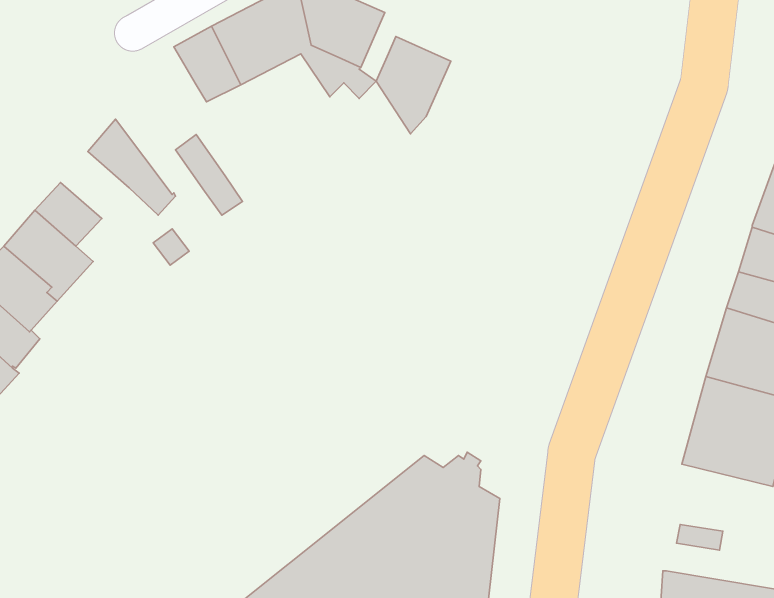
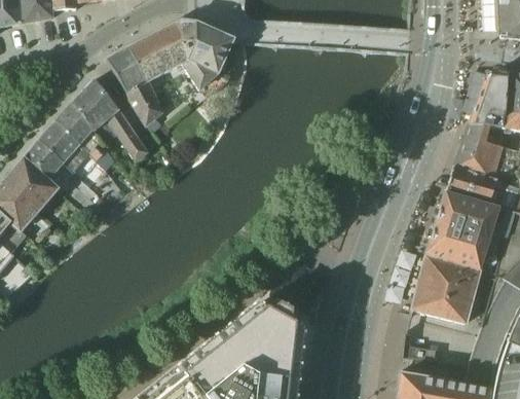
building: [376,37,451,134] -> none
building: none -> [73,79,121,148]
building: none -> [127,82,162,133]
building: none -> [40,122,81,162]

